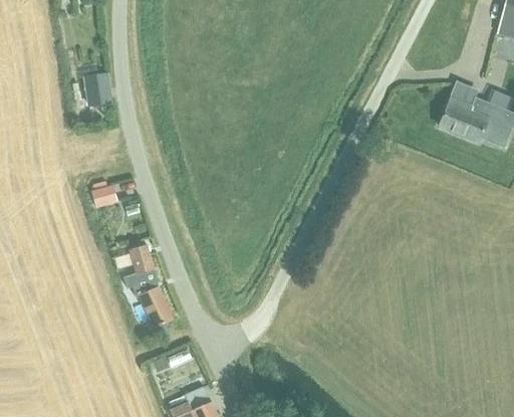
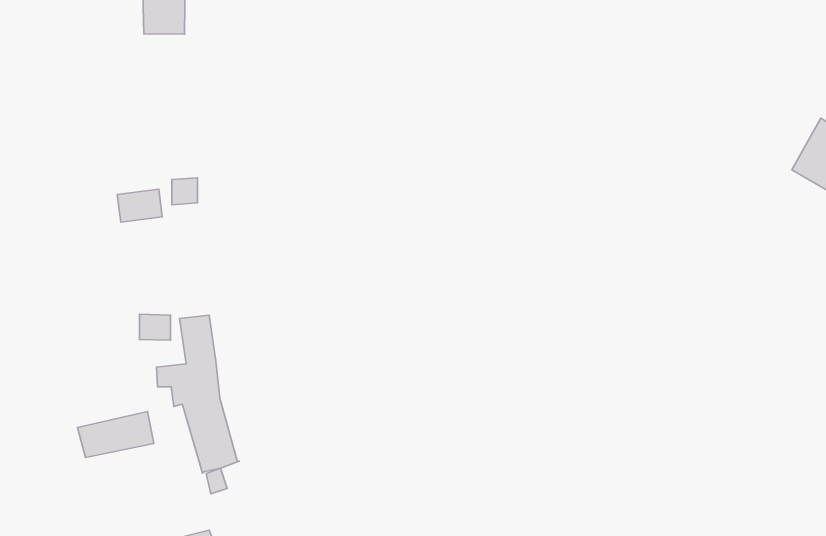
building: none -> [77,412,154,457]

